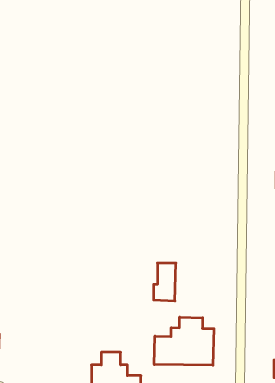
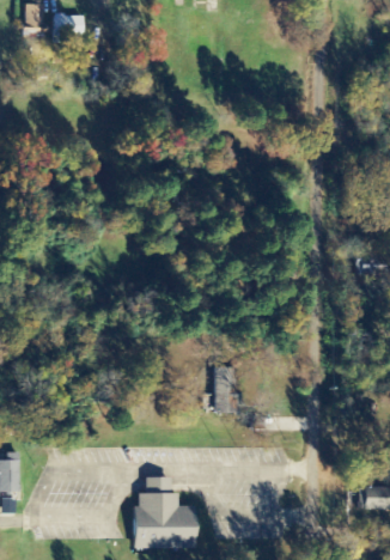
building: [154,317,214,365] -> none

